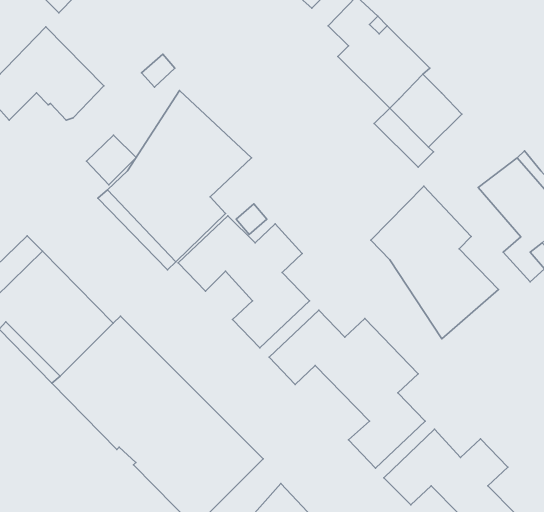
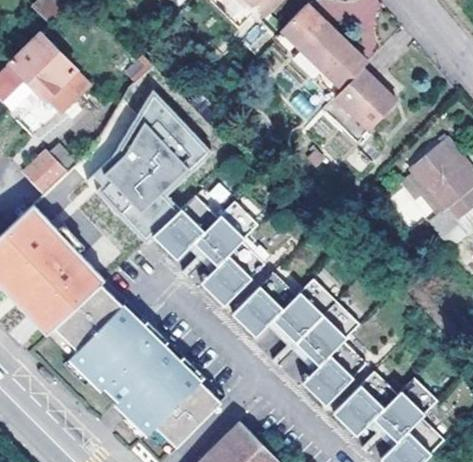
building: [86,135,136,185] -> [24,152,66,194]
building: [371,186,499,339] -> none

